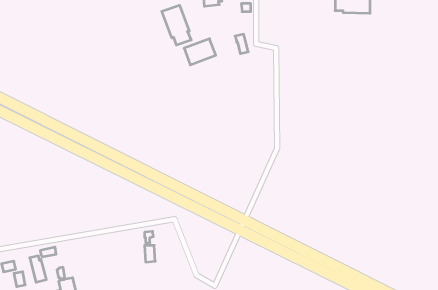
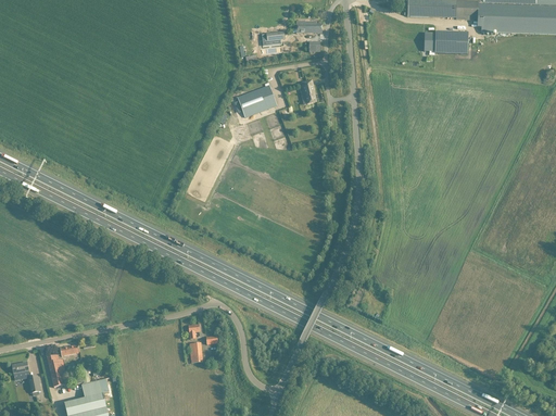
building: [162,5,191,45] -> none

